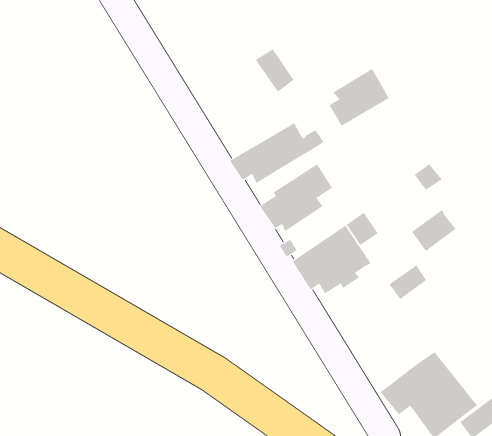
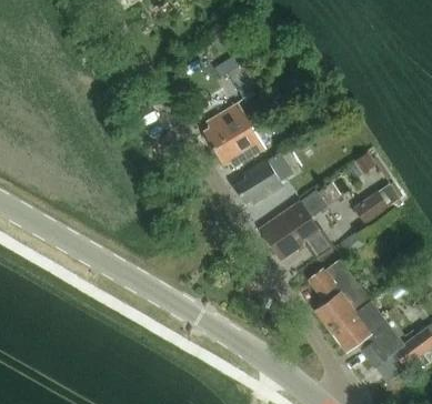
building: [328,68,407,127] -> [201,104,262,150]
building: none -> [304,259,372,331]

